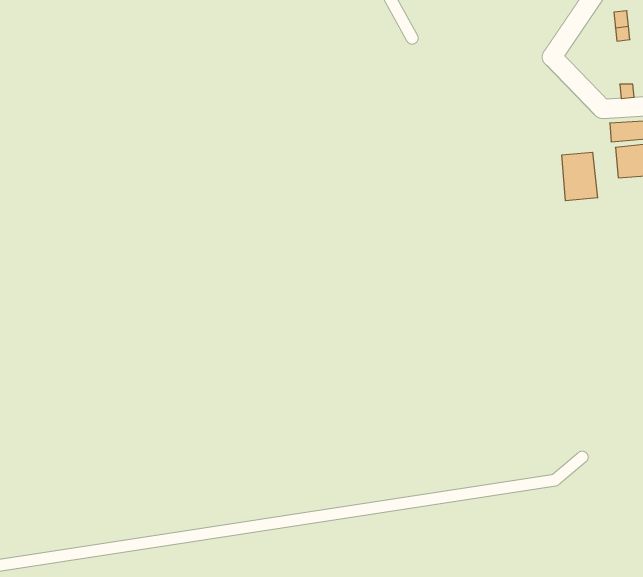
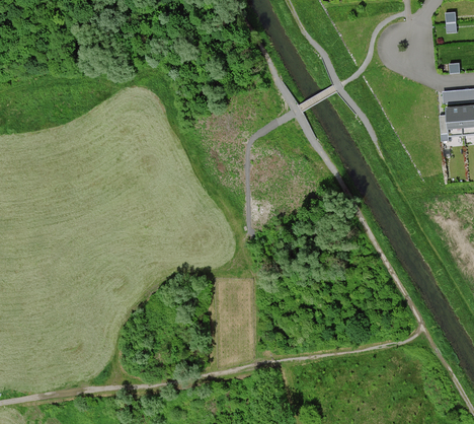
building: [562,152,597,201] -> none

